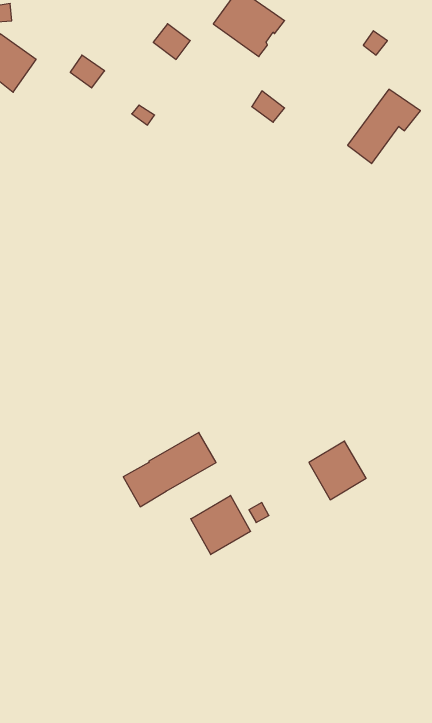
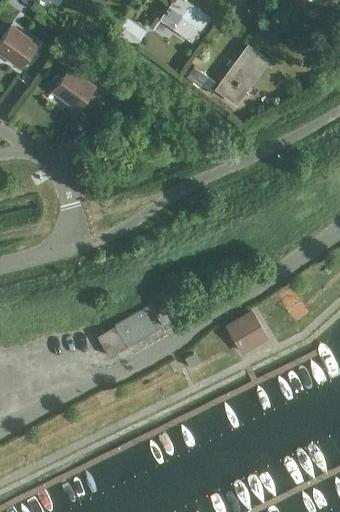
building: [348,89,420,164] -> [218,47,269,99]
building: none -> [52,70,94,111]
building: [191,495,251,555] -> none

